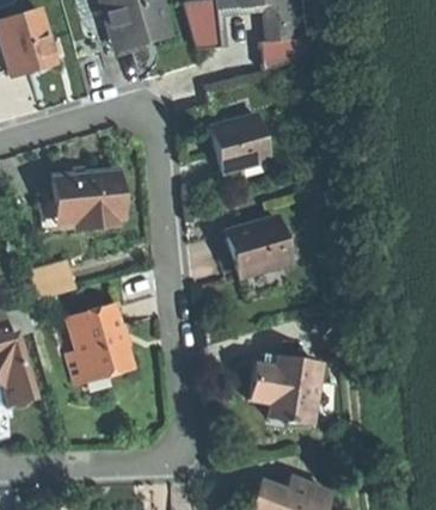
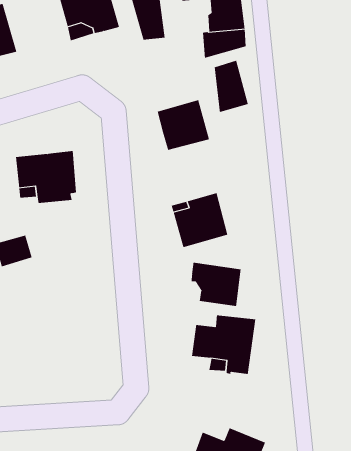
building: none -> [214,60,249,113]
building: none -> [191,262,241,307]
building: [68,306,134,385] -> none

